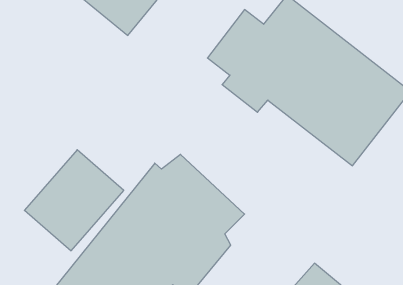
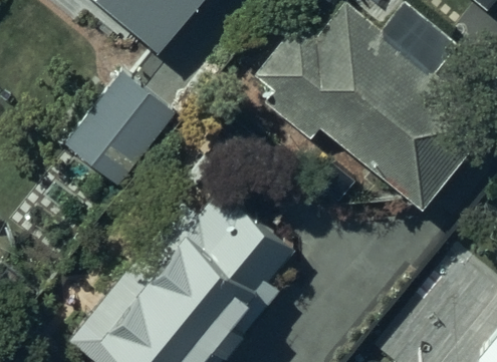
building: [24,150,124,251] -> [65,73,181,191]

